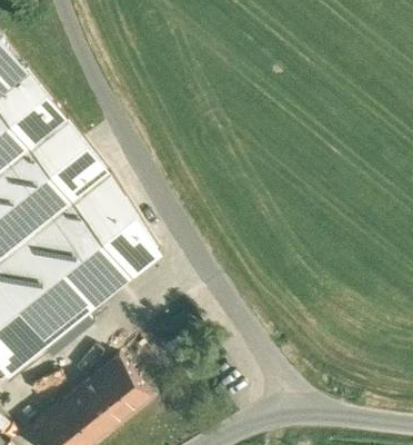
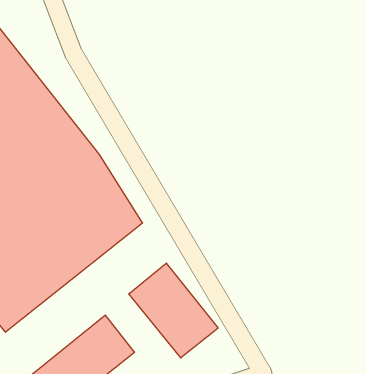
building: none -> [129,263,218,358]

